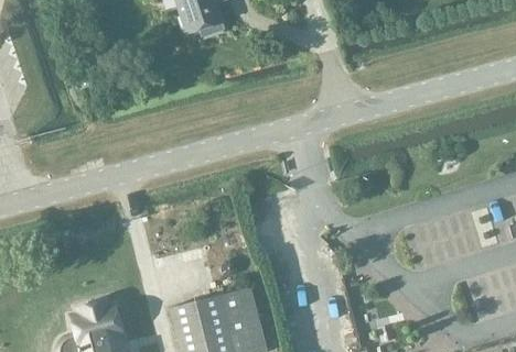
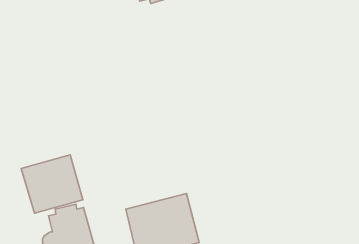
building: none -> [21,155,83,213]

